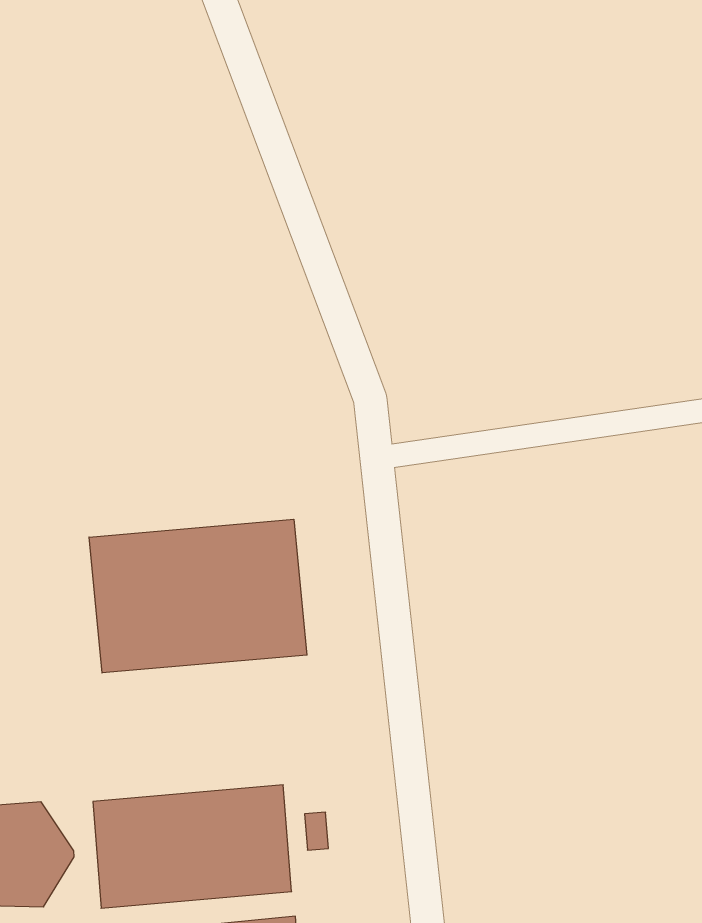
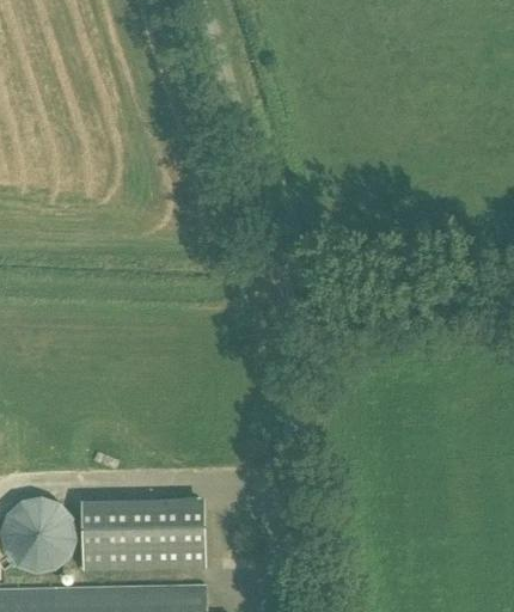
building: [89,519,307,673] -> none

